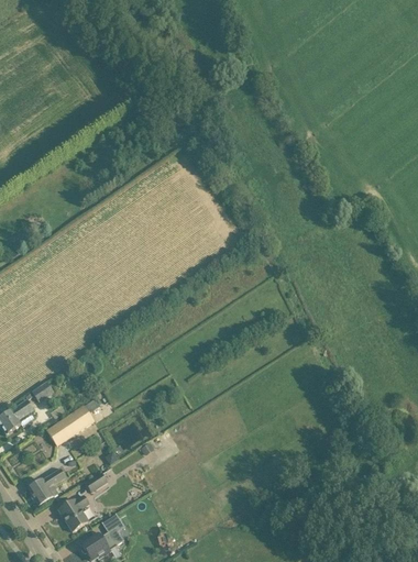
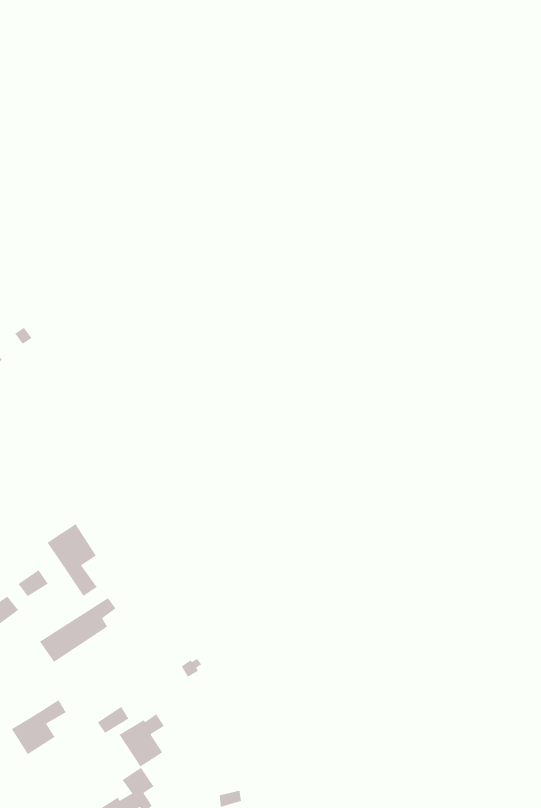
building: none -> [47,523,98,597]
building: [57,495,88,531] -> [119,713,165,767]

